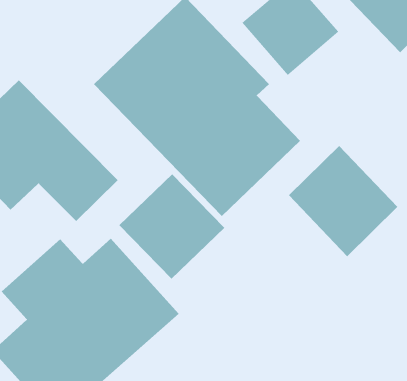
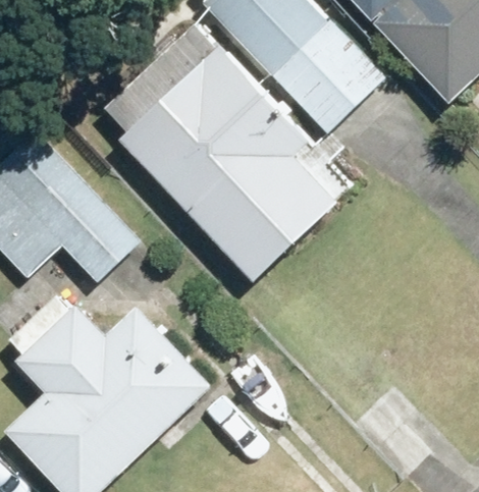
building: [288,145,398,257] -> none
building: [118,174,225,279] -> none

